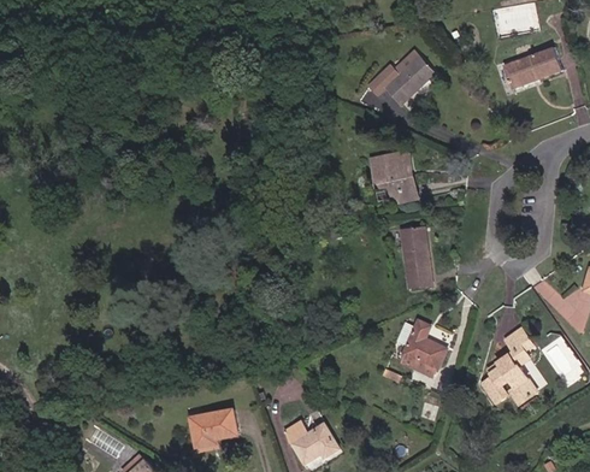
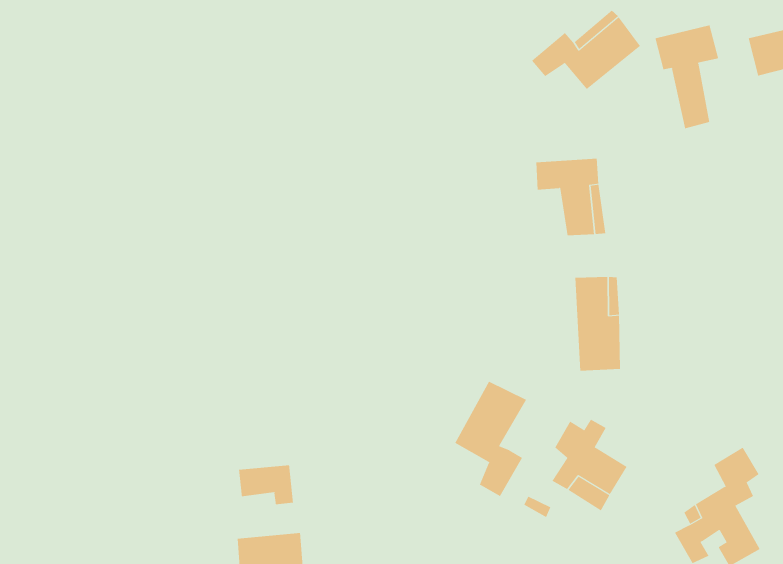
building: none -> [655,24,719,129]
building: none -> [454,381,527,497]
building: none -> [239,464,293,505]

